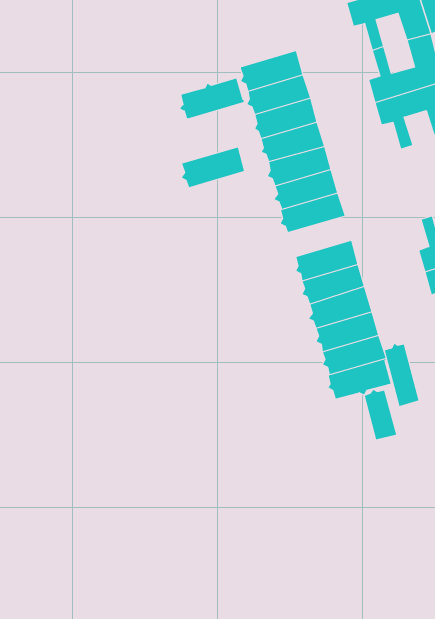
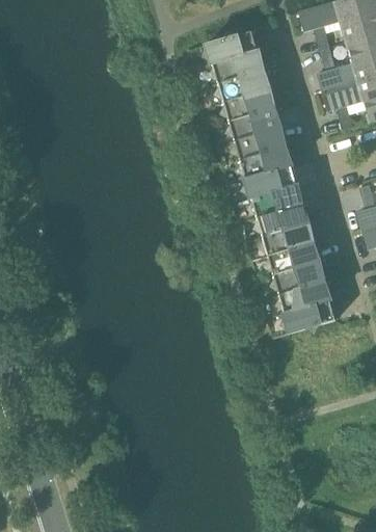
building: [179,78,244,120] -> [206,29,259,63]
building: [181,147,245,188] -> [251,183,303,216]
building: [384,343,419,407] -> none
building: [364,389,397,440] -> none

